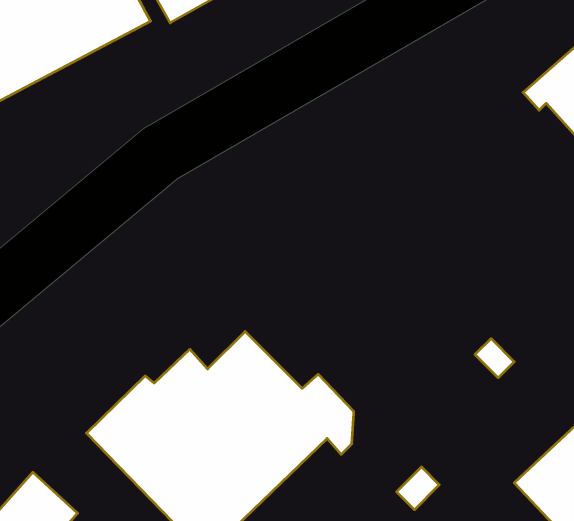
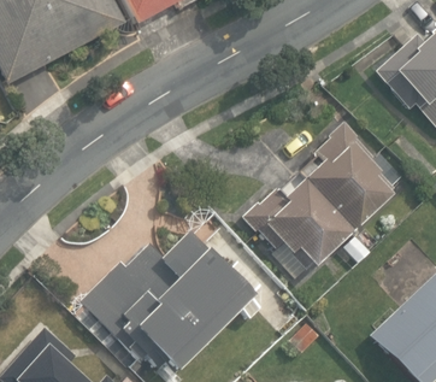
building: none -> [243,122,400,265]

